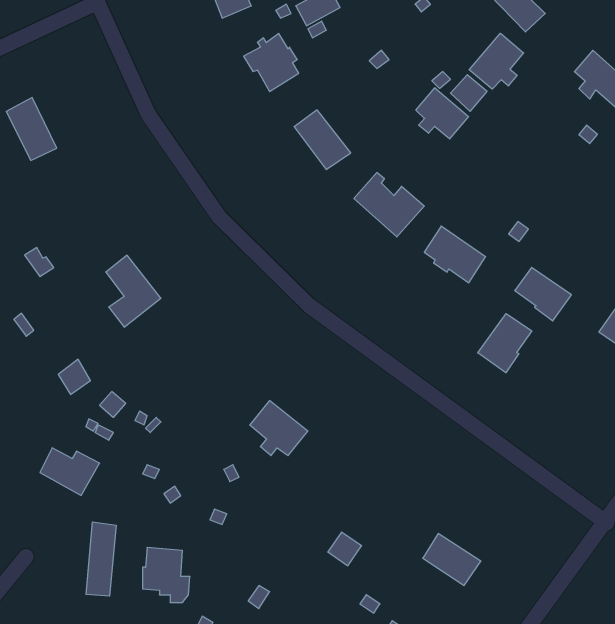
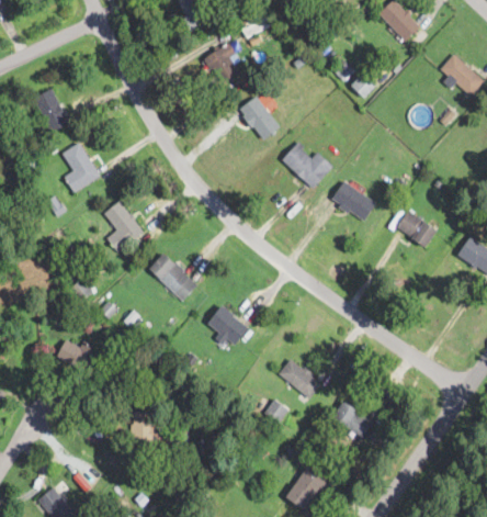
building: [469,33,524,89] -> none
building: [416,88,469,139] -> none
building: none -> [61,143,100,193]
building: [478,314,532,373] -> none
building: none -> [149,254,197,301]
building: none -> [278,360,320,398]
building: [86,522,116,596] -> none

